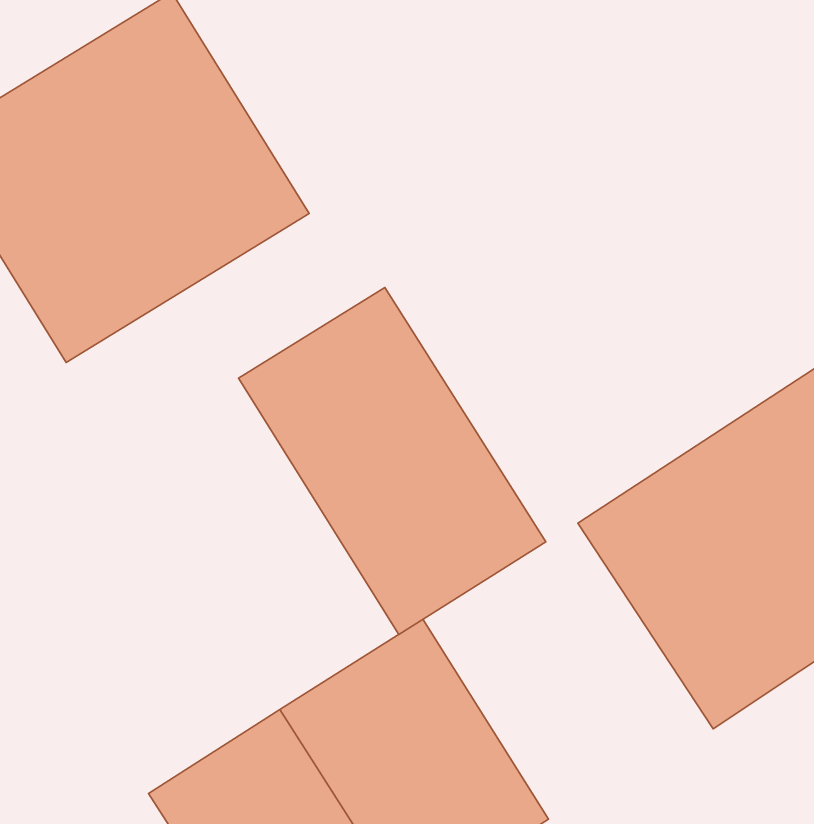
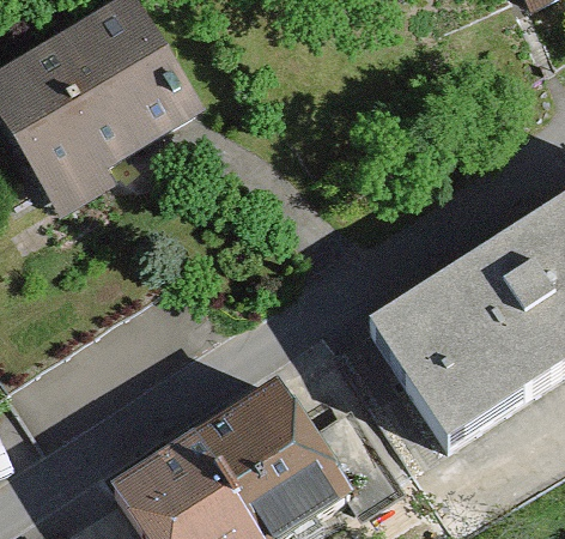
building: [238,287,546,635] -> none

